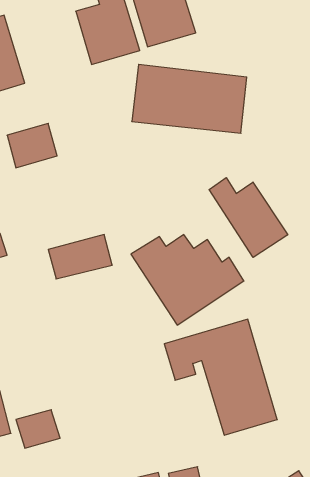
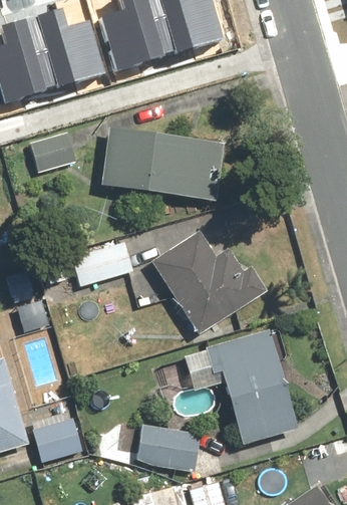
building: none -> [32,7,102,84]
building: [132,64,247,133] -> [105,129,223,199]
building: [209,178,288,257] -> none
building: none -> [135,425,200,471]

